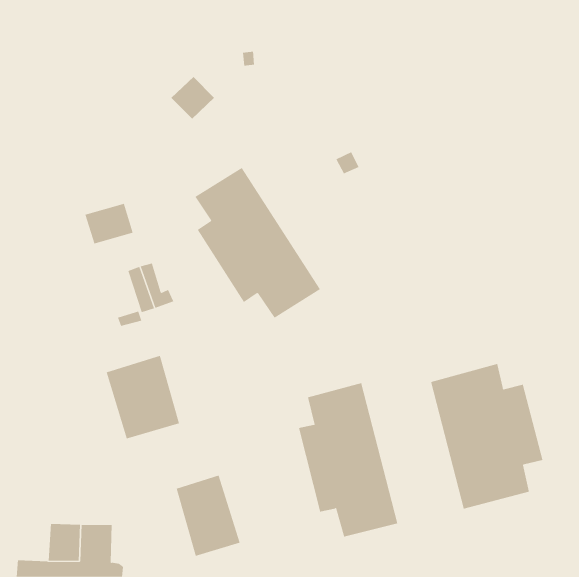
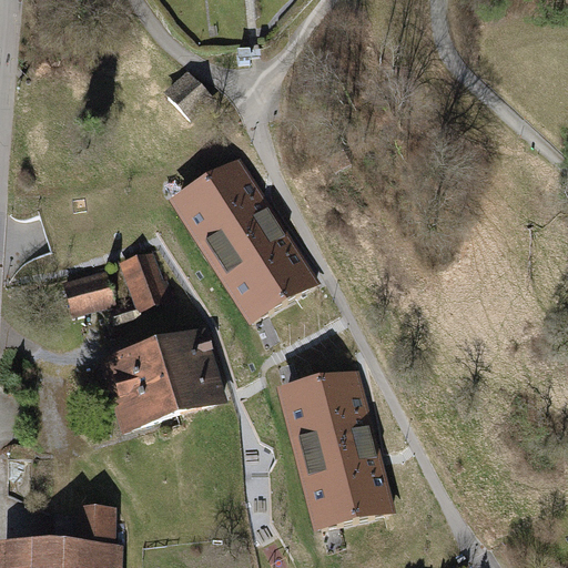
building: [85,203,134,244] -> [64,273,112,313]
building: [430,363,543,510] -> none
building: [176,475,241,557] -> [156,333,220,413]

